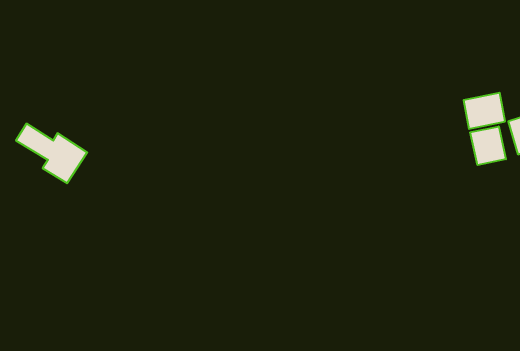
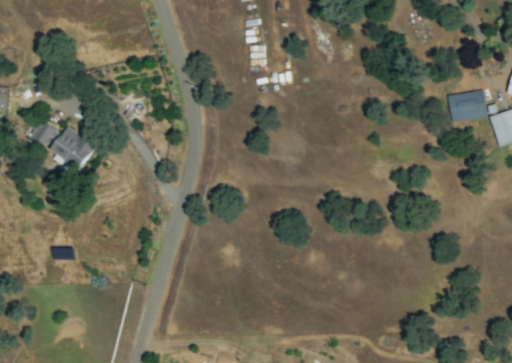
building: [470,126,506,165] -> none

